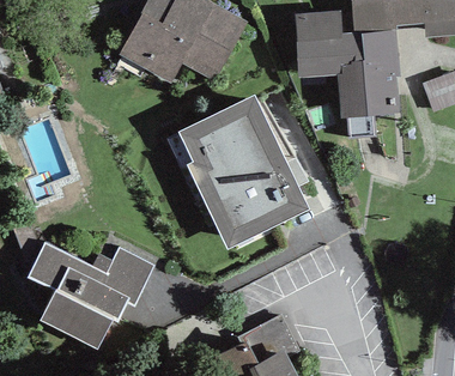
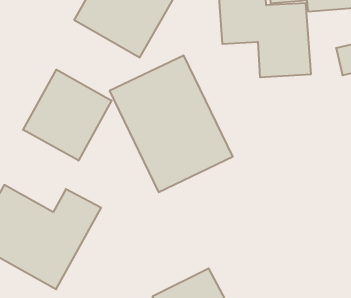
building: none -> [23,70,112,161]

